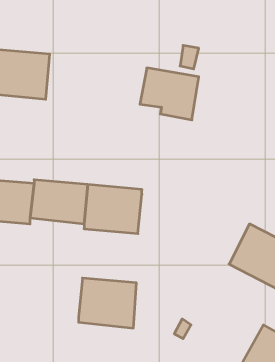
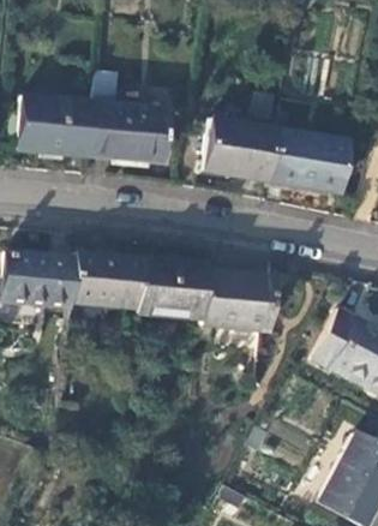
building: none -> [90,101,167,162]
building: none -> [269,128,349,193]
building: [79,278,136,328] -> [203,273,274,334]

